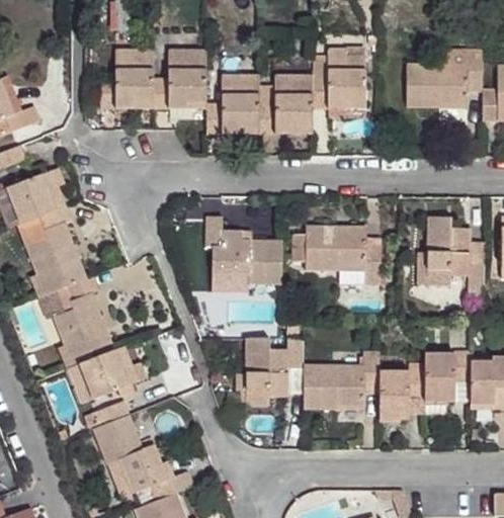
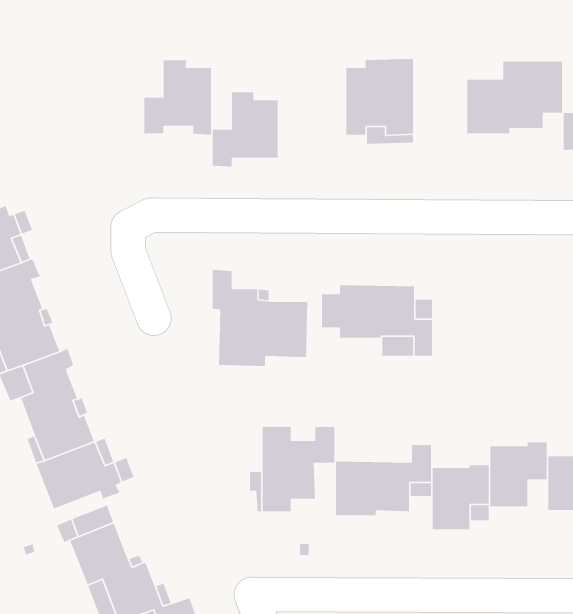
building: [100,50,153,108] -> none
building: [259,76,312,135] -> none
building: [417,217,486,295] -> none

